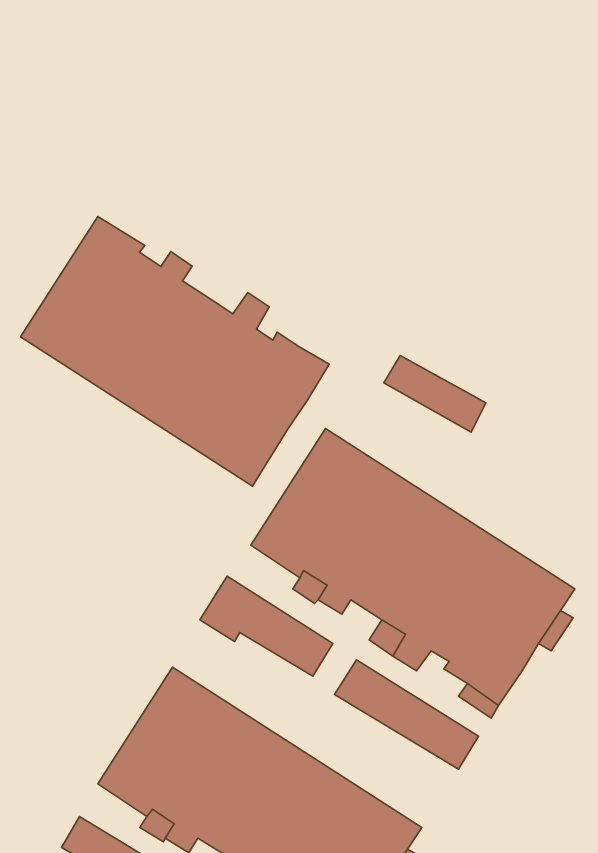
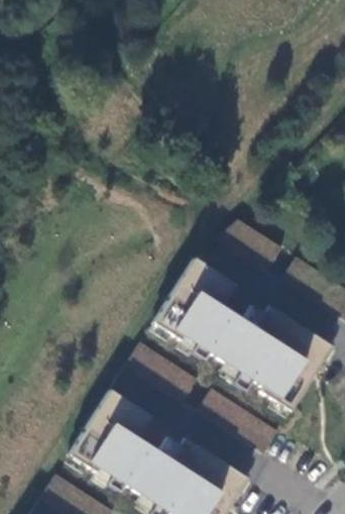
building: [20,217,329,486] -> none

